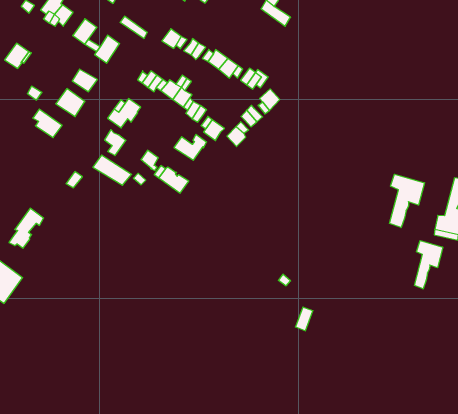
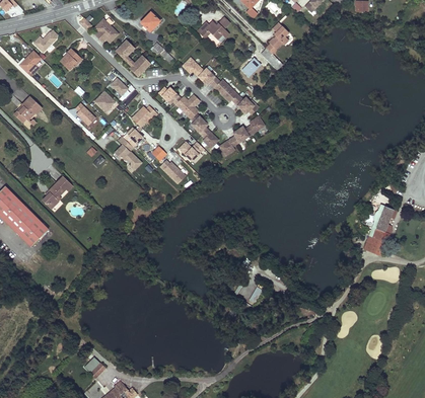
building: [390,174,425,228] -> none
building: [414,241,443,289] -> none

